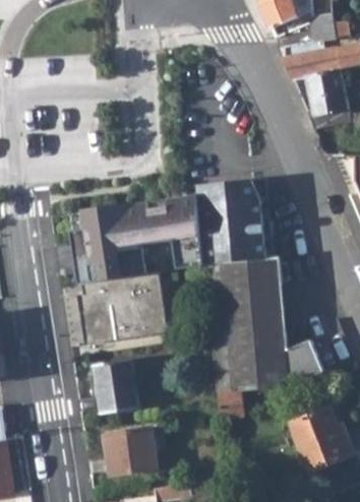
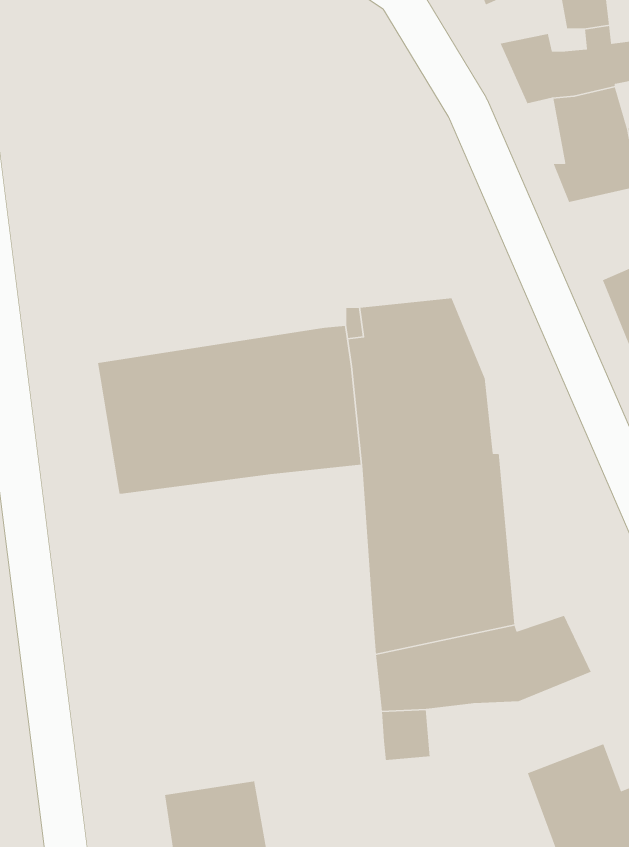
building: [76,270,167,343] -> none
building: [93,359,137,414] -> none

